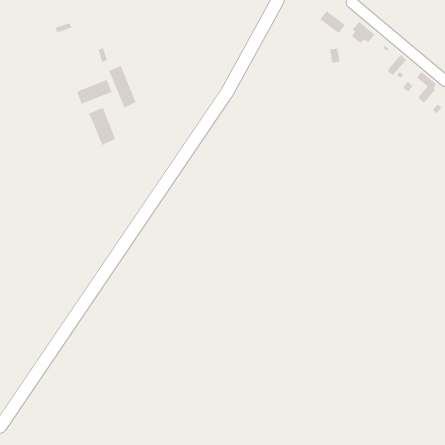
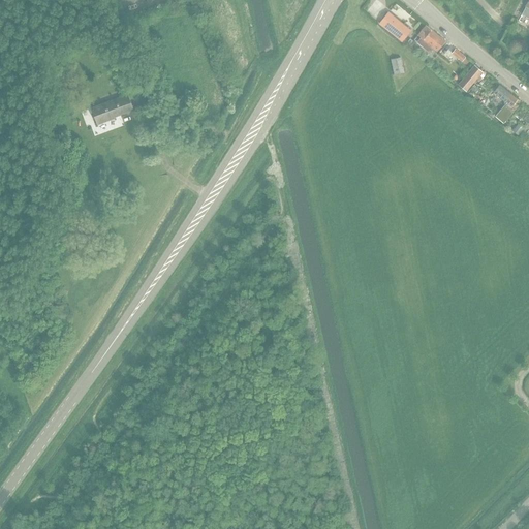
building: [109,65,136,109] -> none
building: [89,107,116,146] -> none

